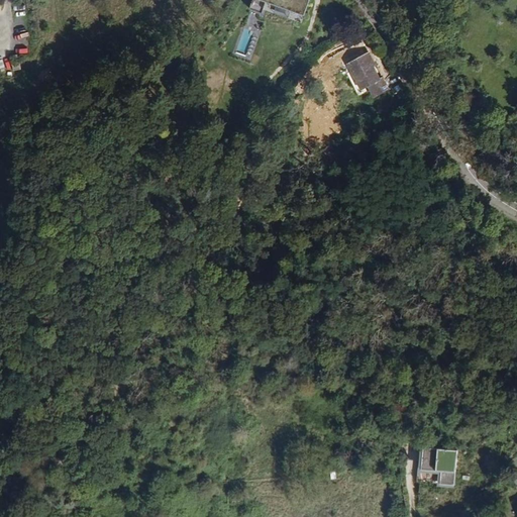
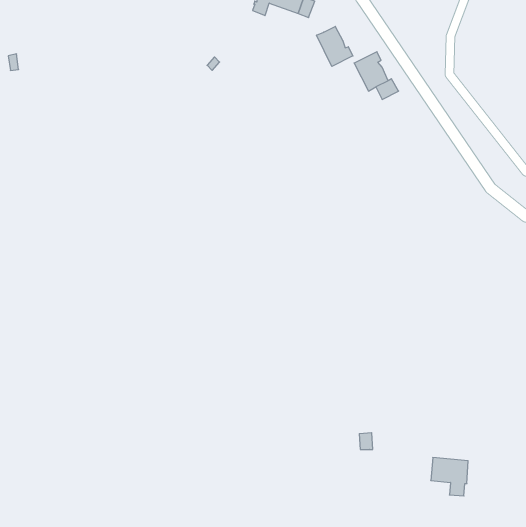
building: none -> [317,26,353,66]

